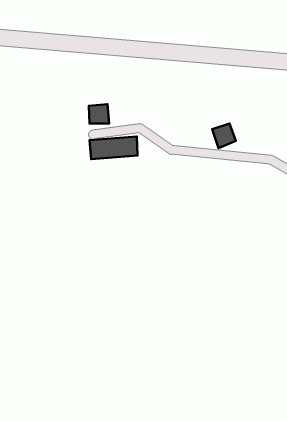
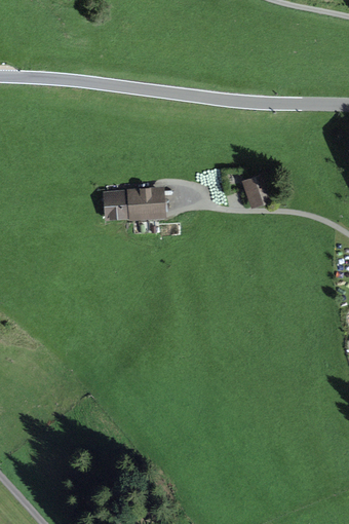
building: [89,104,109,124] -> none

